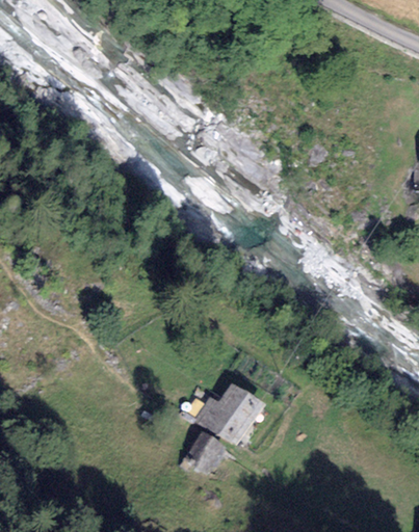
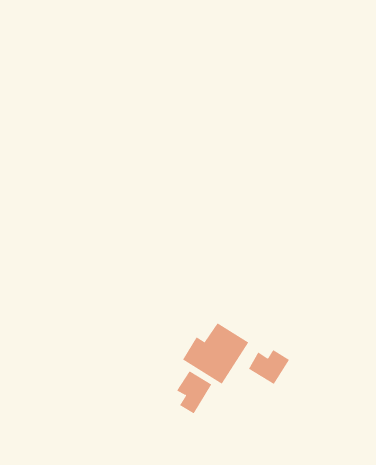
building: none -> [248,349,290,385]

